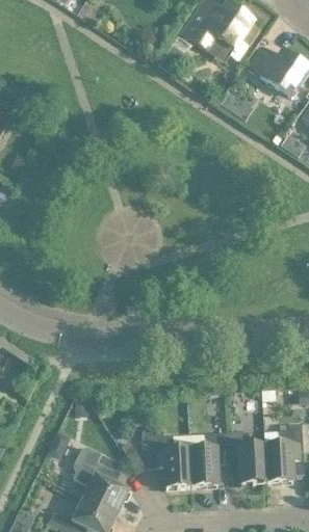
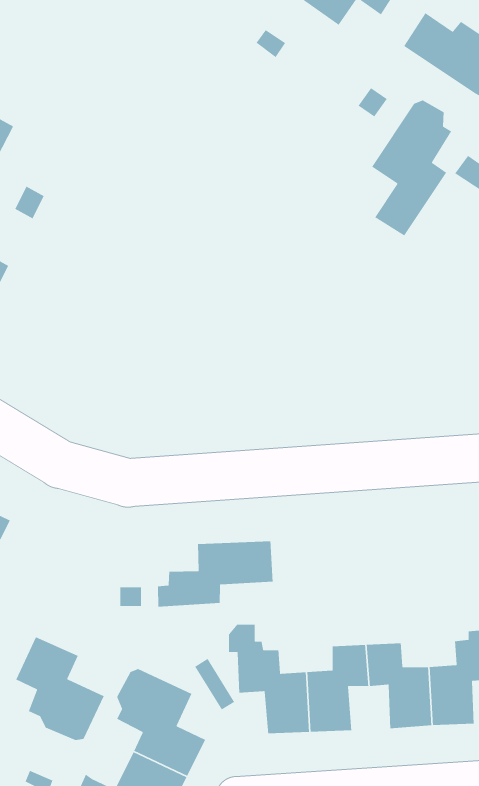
building: none -> [371,100,452,236]
building: none -> [157,541,273,608]
building: none -> [15,636,105,741]

